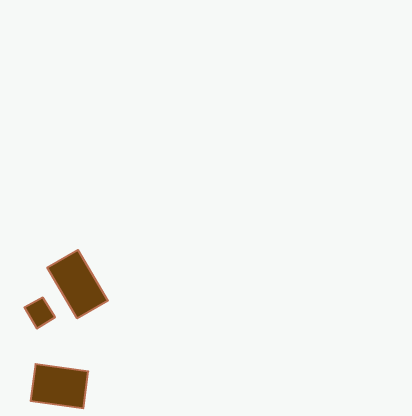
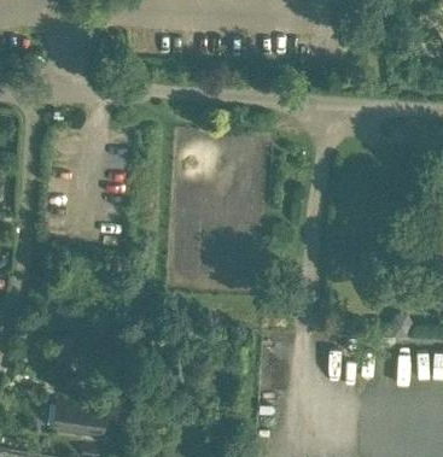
building: [47,250,108,318] -> none

